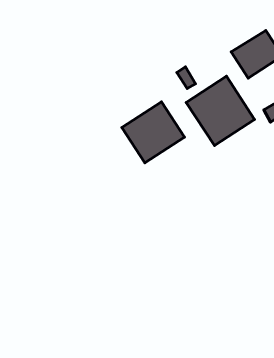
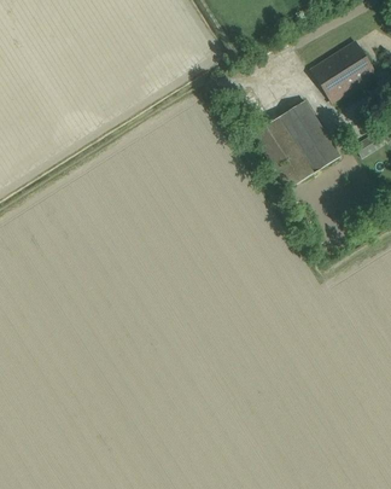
building: [122,102,184,163] -> none

